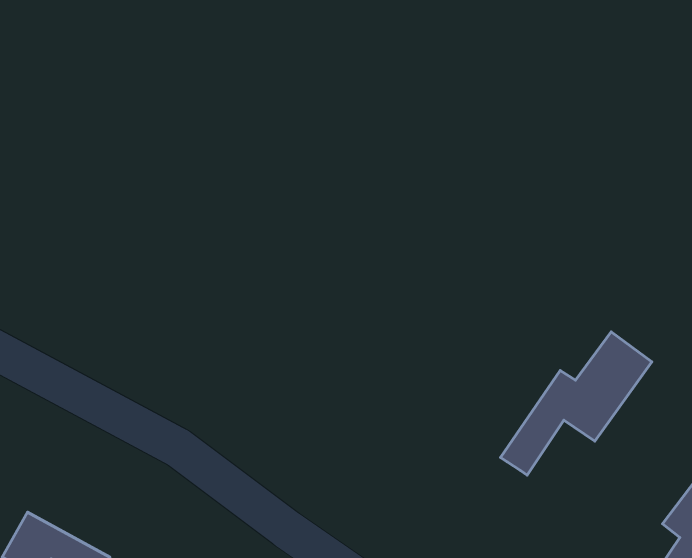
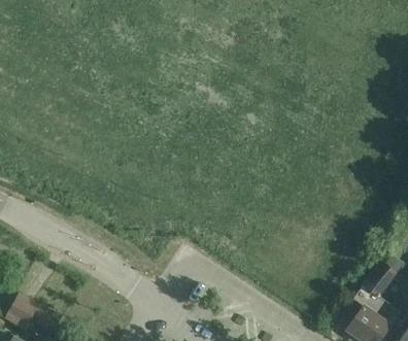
building: [501,332,652,475] -> none

